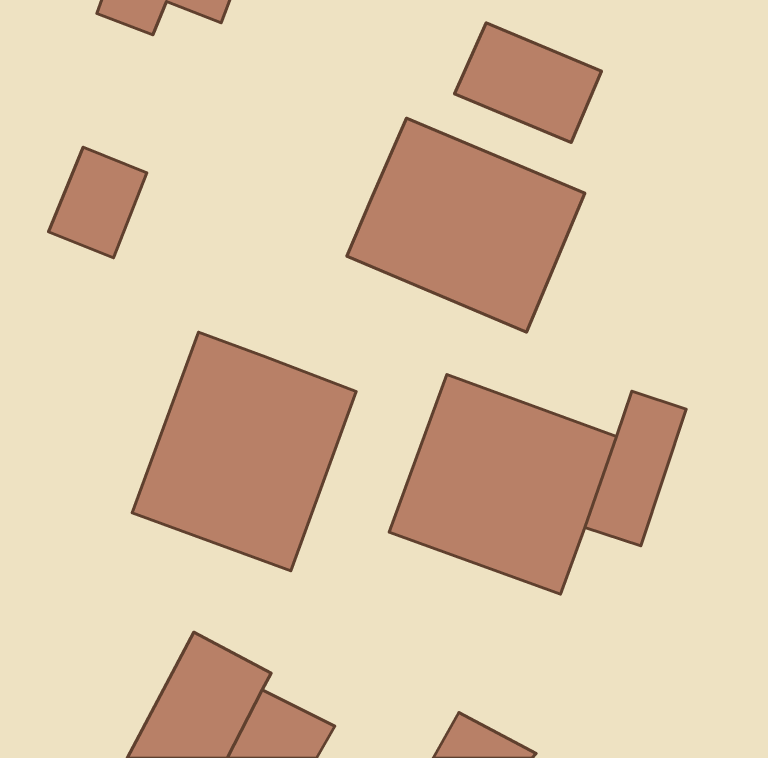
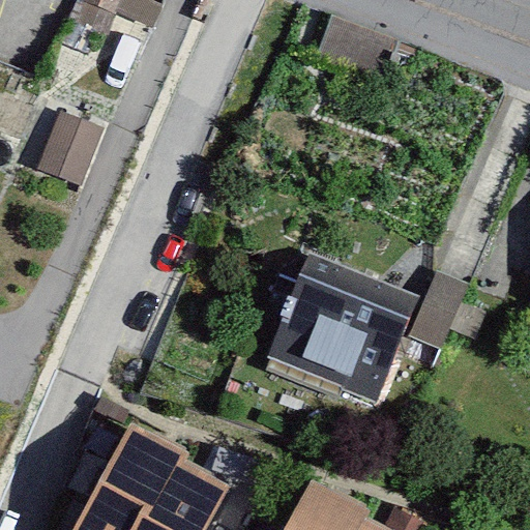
building: [347,118,585,332] -> none
building: [132,332,356,571] -> none

